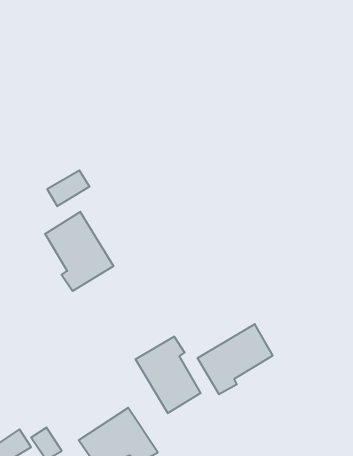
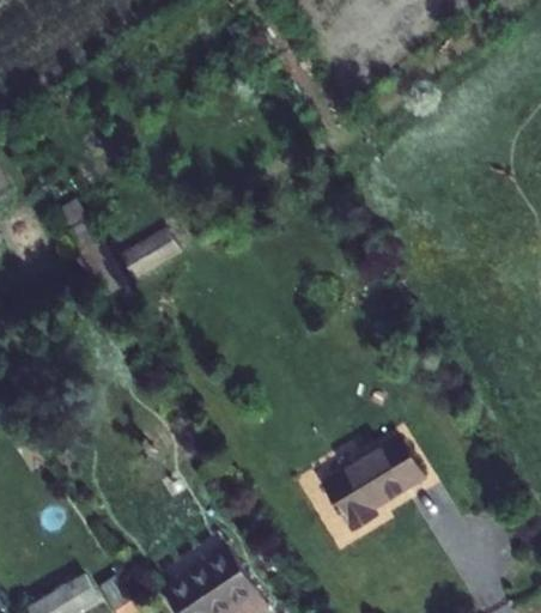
building: [45,212,113,291] -> none
building: [136,336,201,413] -> none

